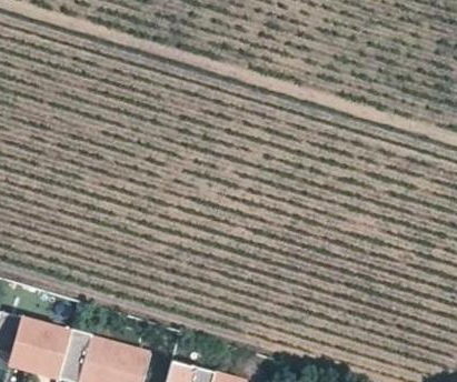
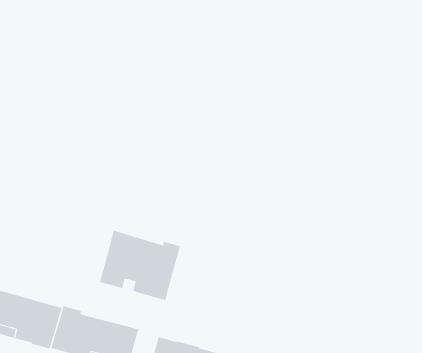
building: none -> [99,230,181,301]

